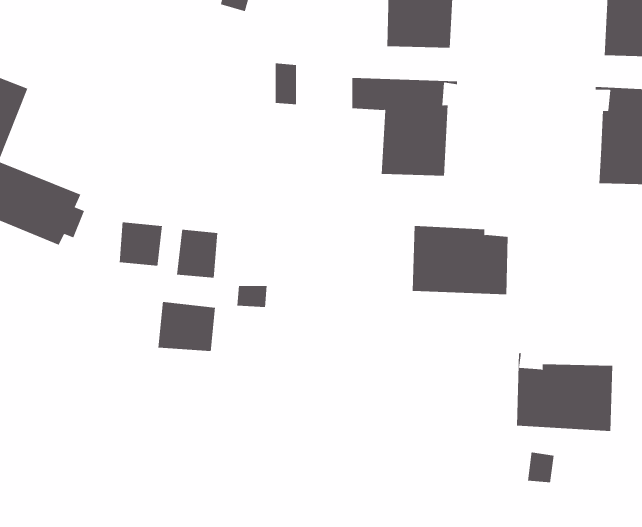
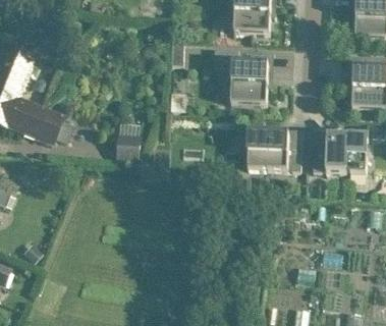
building: [119,222,162,266] -> none
building: [158,301,215,352] -> none
building: [516,353,613,431] -> [312,129,366,173]

